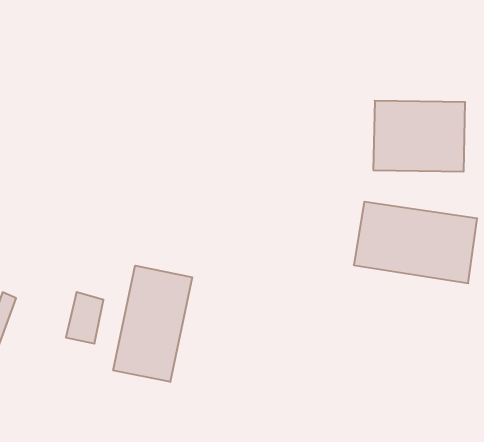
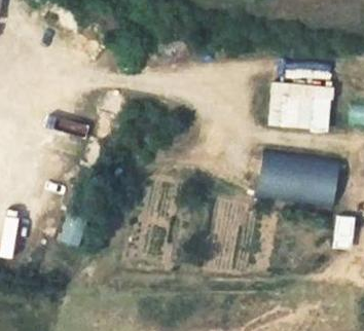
building: [113,266,192,382] -> none

